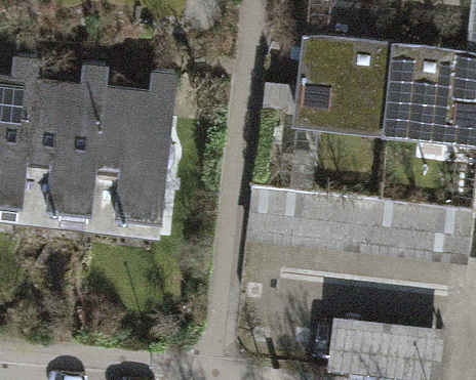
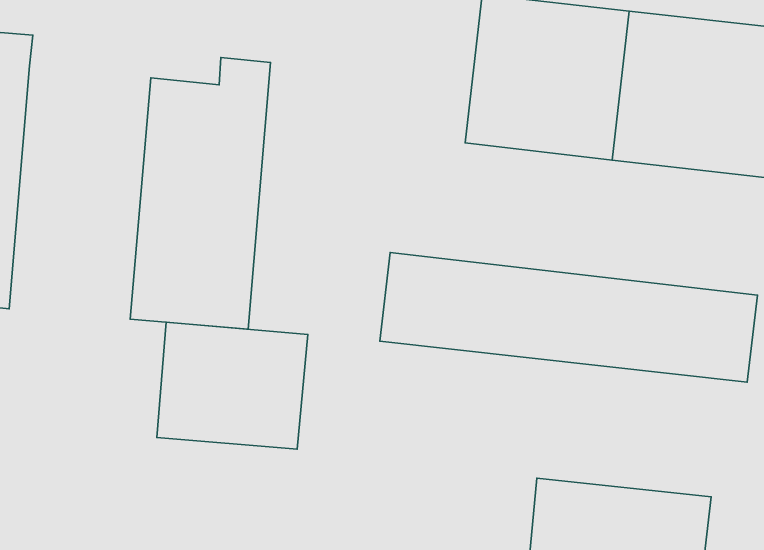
building: [22,62,108,227] -> none
building: none -> [157,322,308,449]

